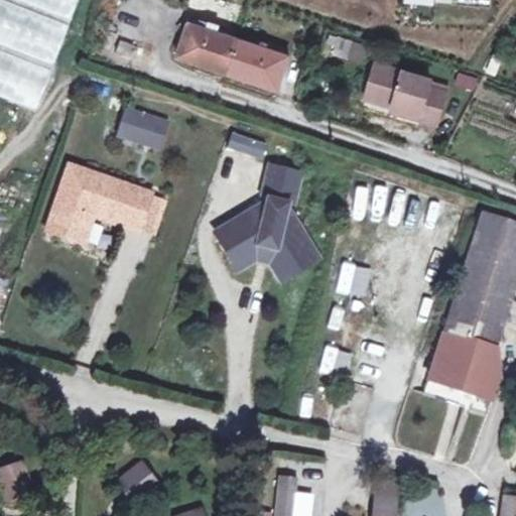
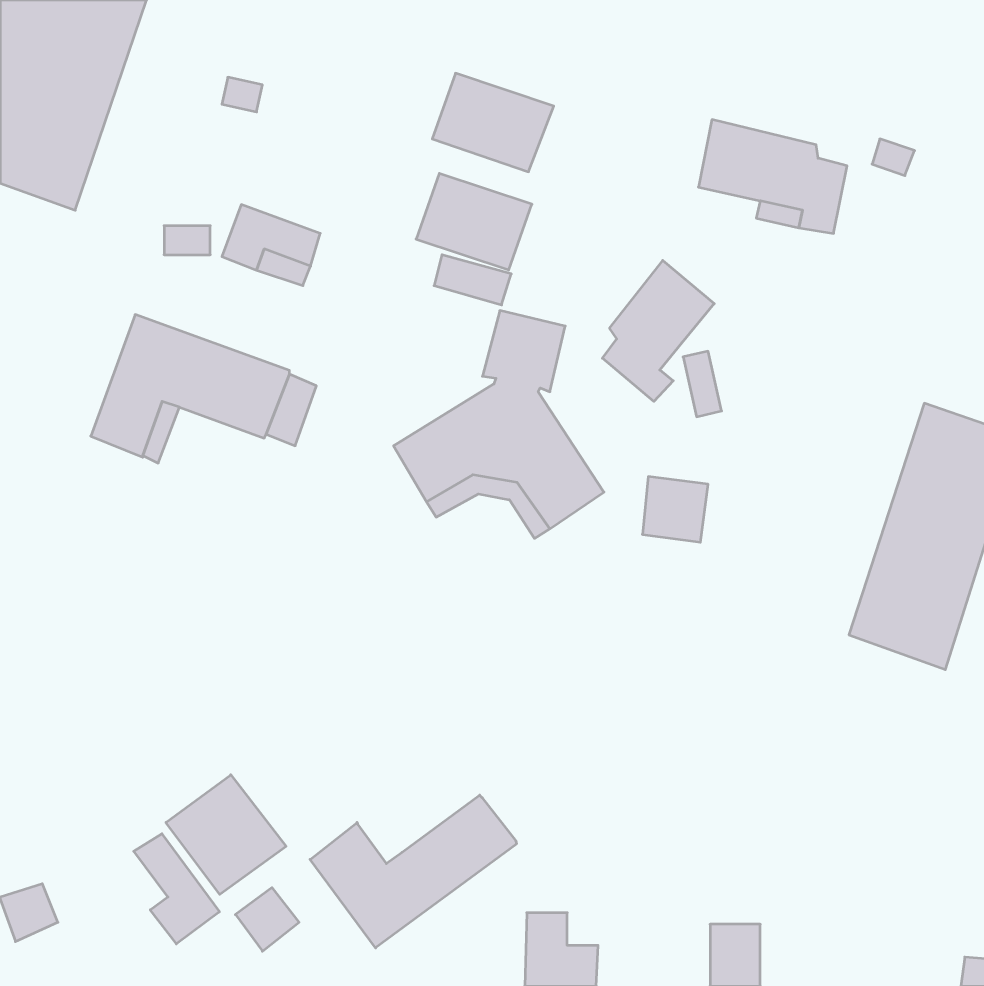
building: [178,22,239,73] -> [416,173,532,270]
building: none -> [602,260,714,401]
building: [424,332,502,415] -> none
building: none -> [166,775,286,894]
building: none -> [310,795,516,948]
building: none -> [134,834,219,944]

